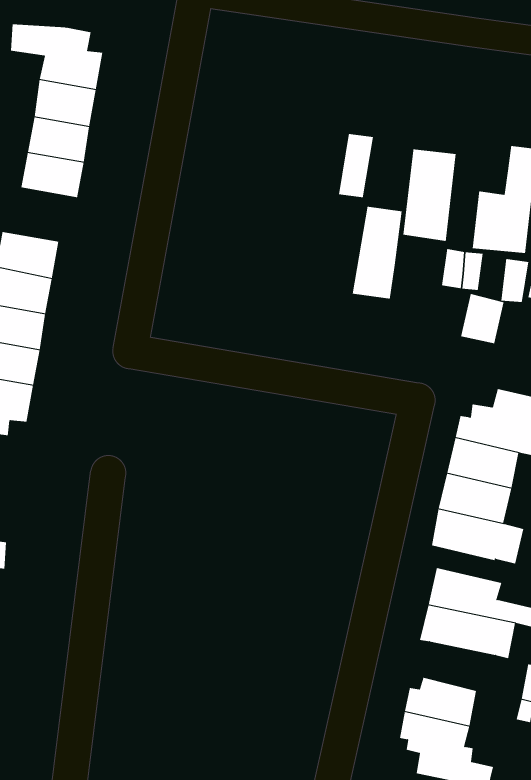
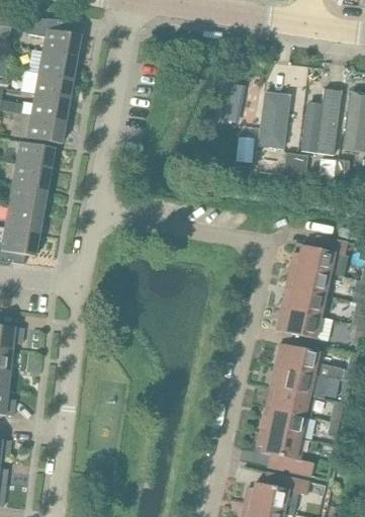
building: none -> [26,115,65,144]
building: [460,293,504,344] -> none
building: none -> [265,387,314,418]

